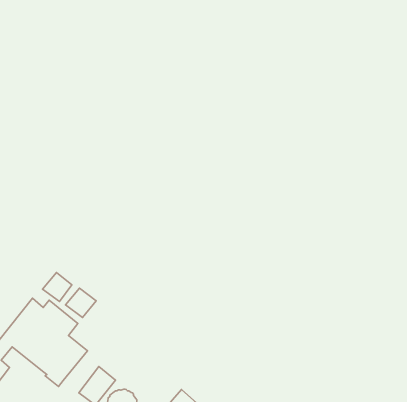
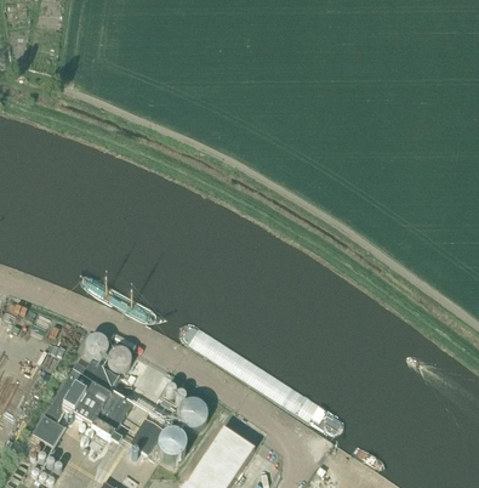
building: none -> [176,399,206,430]

